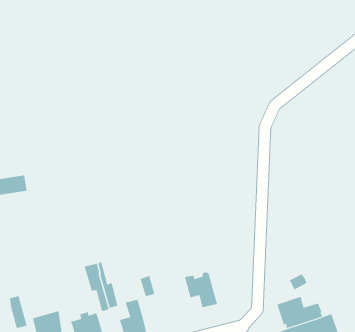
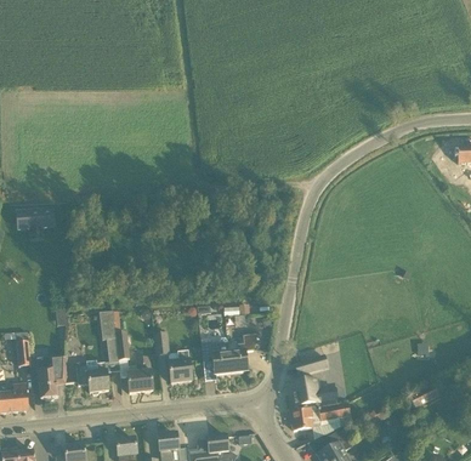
building: none -> [228,334,256,374]
building: none -> [168,351,191,383]

